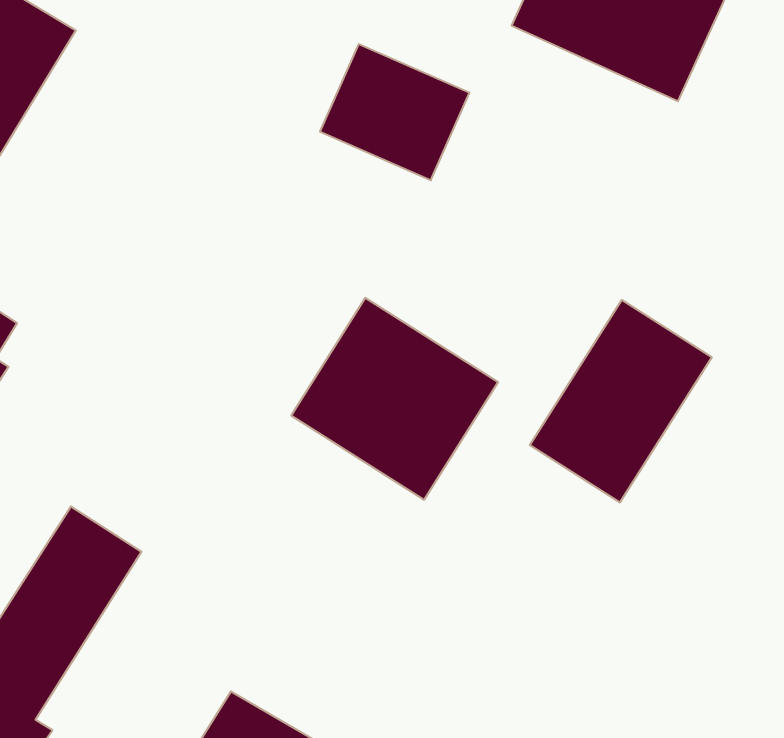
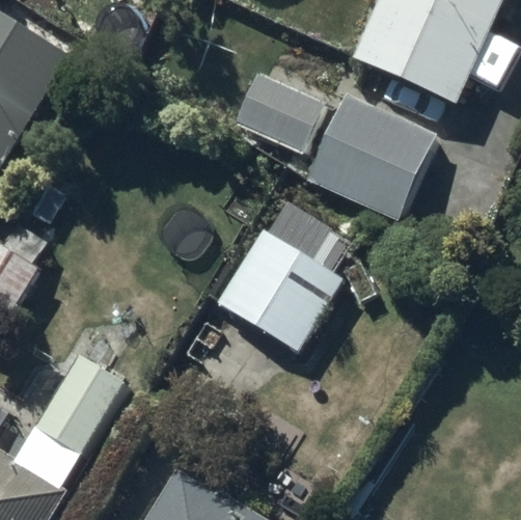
building: none -> [304,93,436,220]
building: [530,300,712,503] -> none

